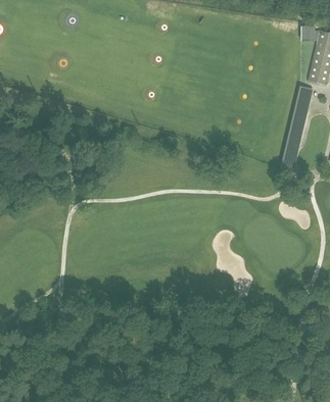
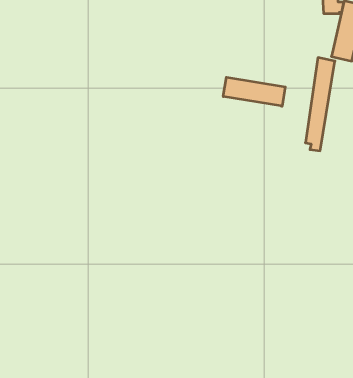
building: none -> [223,77,285,106]

